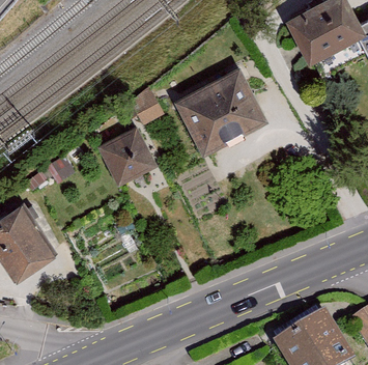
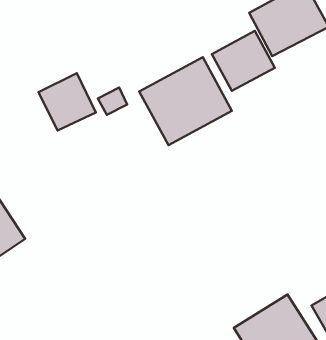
building: none -> [212,31,275,91]
building: [95,128,154,187] -> [38,73,96,131]

